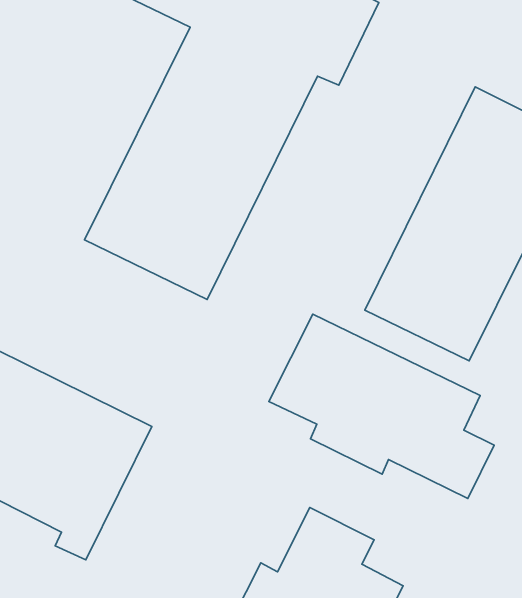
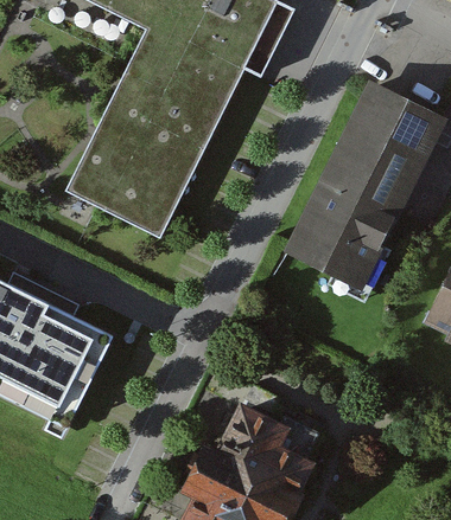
building: [269,314,494,499] -> none

